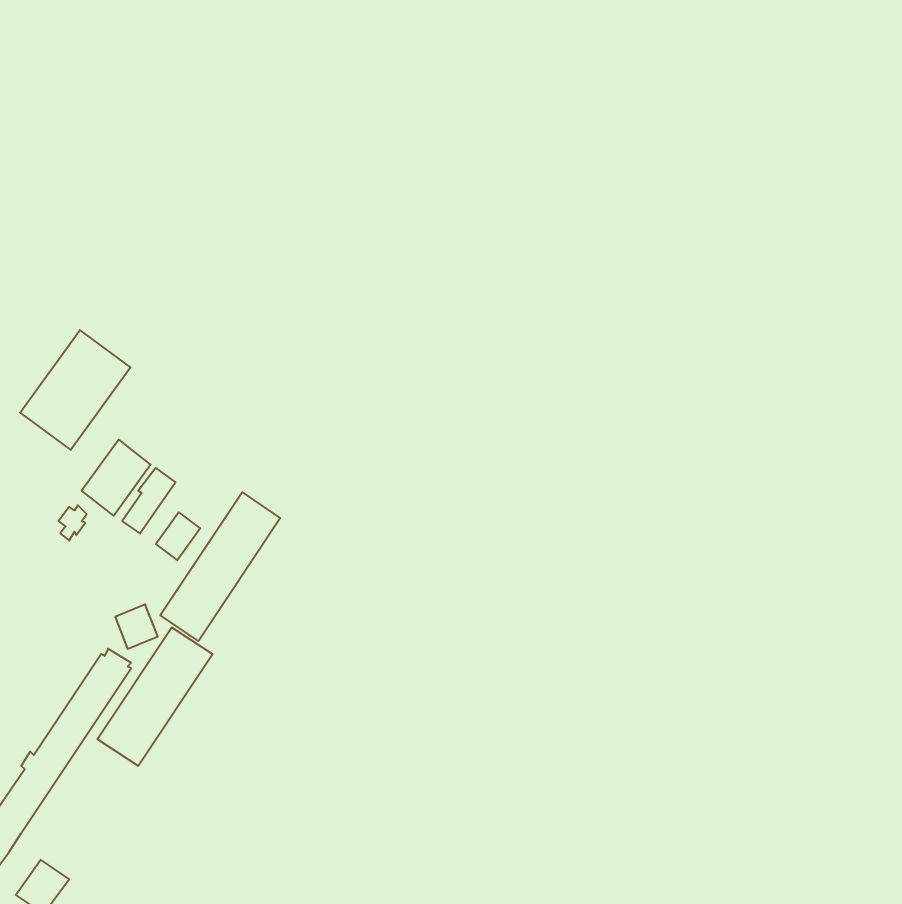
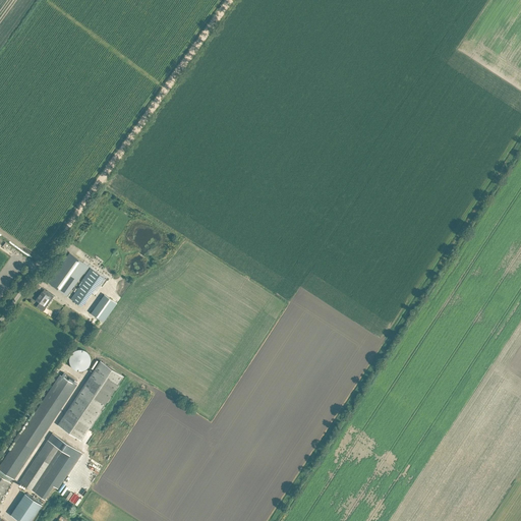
building: [20,330,131,450] -> none
building: [160,492,280,641] -> none
building: none -> [17,433,80,500]

